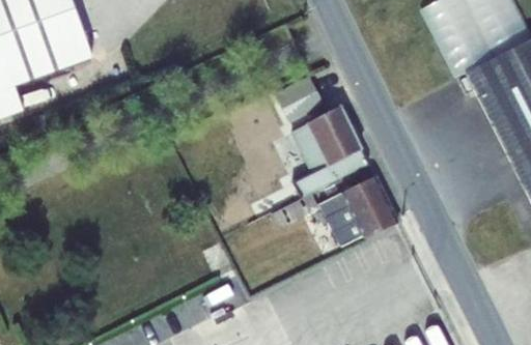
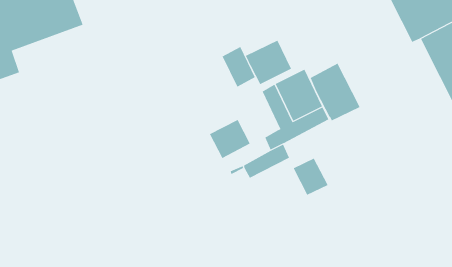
building: none -> [222,46,255,87]
building: none -> [209,119,251,159]
building: [343,174,399,238] -> [310,63,360,121]

